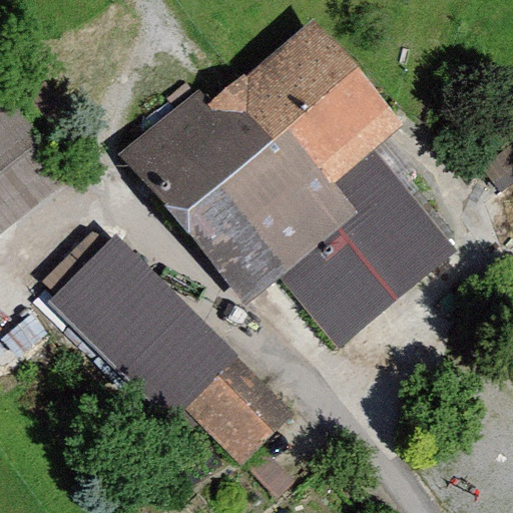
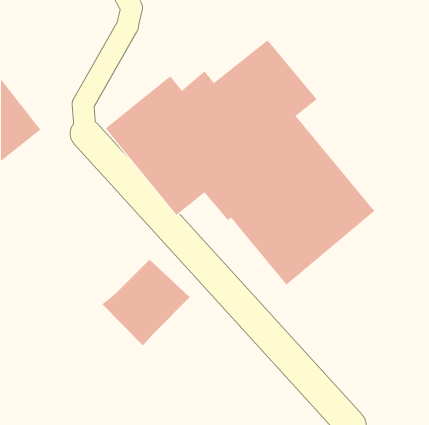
building: [69,233,178,352] -> none
building: [184,355,284,454] -> none

